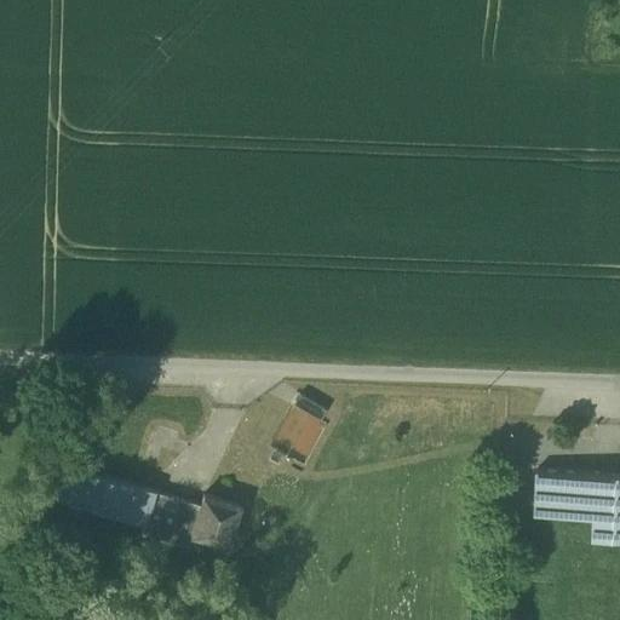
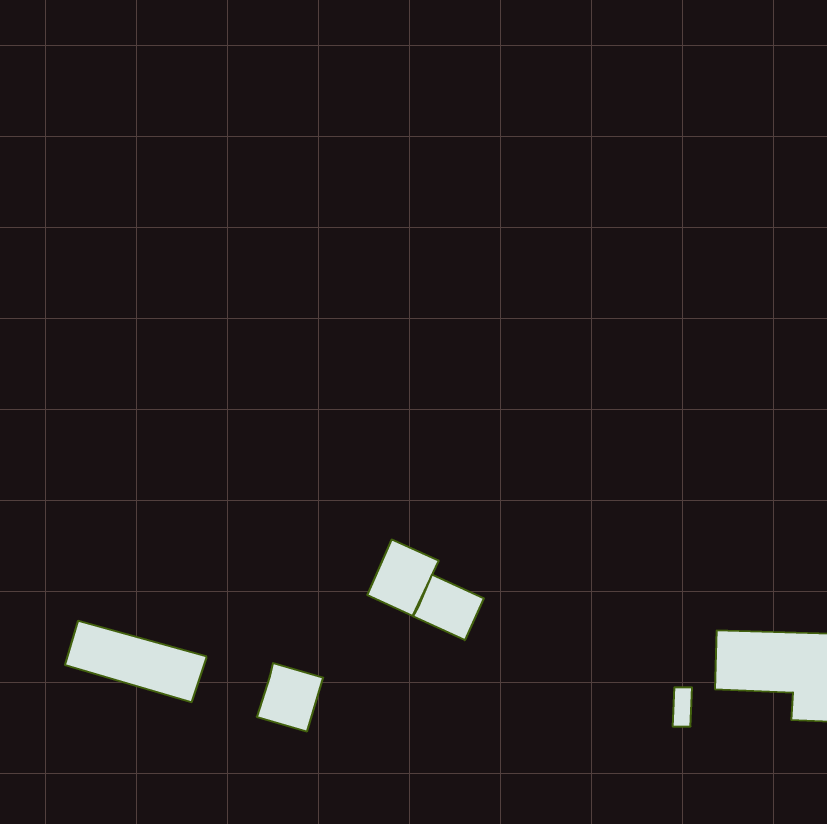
building: none -> [413,574,484,640]
building: [143,495,203,551] -> none

